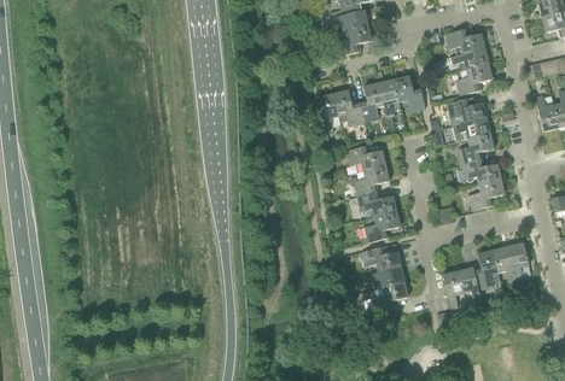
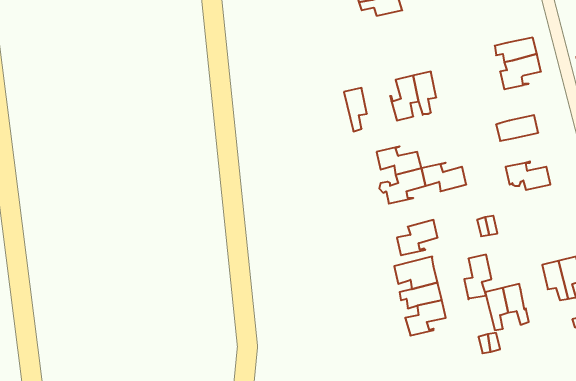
building: [337,24,372,55] -> none
building: [445,28,485,53] -> none
building: [395,75,426,111] -> none
building: [333,89,365,125] -> none
building: [447,98,487,124] -> none
building: [458,133,494,163] -> none
building: [468,178,505,210] -> none
building: [357,191,397,216] -> [421,163,466,191]
building: [474,250,499,289] -> [464,255,491,299]

